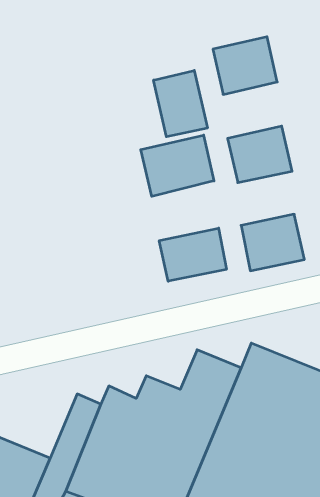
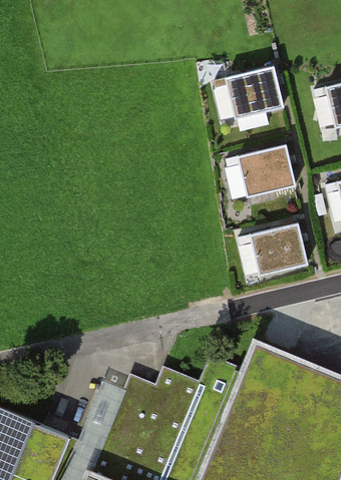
building: [154,70,207,137] -> none
building: [141,135,214,196] -> none
building: [159,228,226,281] -> none

